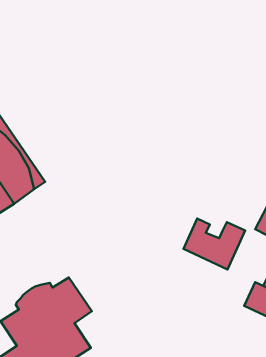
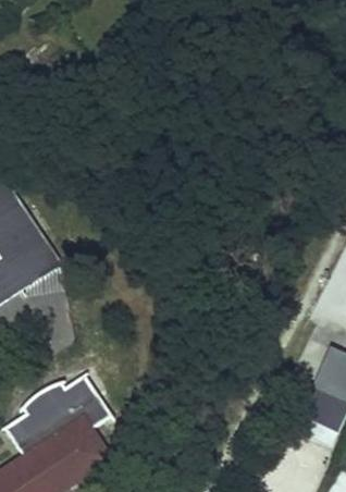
building: [184,219,245,270] -> none

